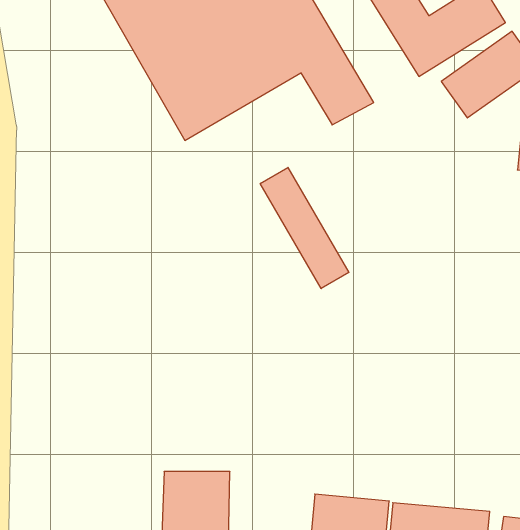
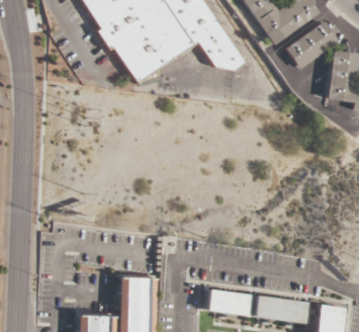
building: [260,167,349,289] -> none

